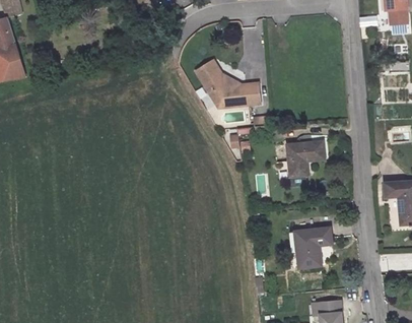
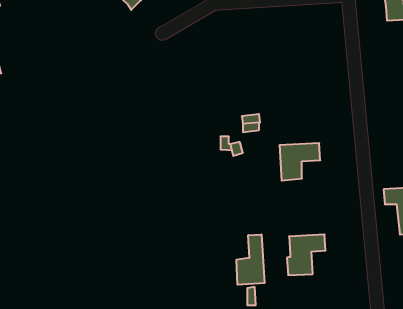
building: [196,56,259,102] -> none
building: none -> [237,234,265,285]

